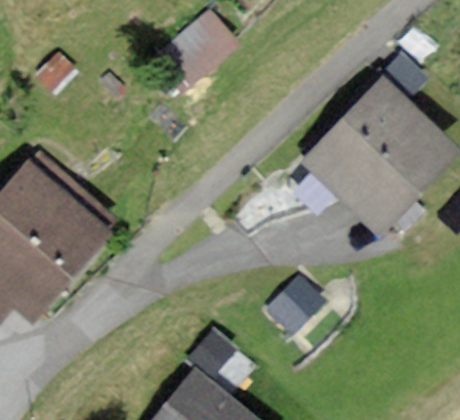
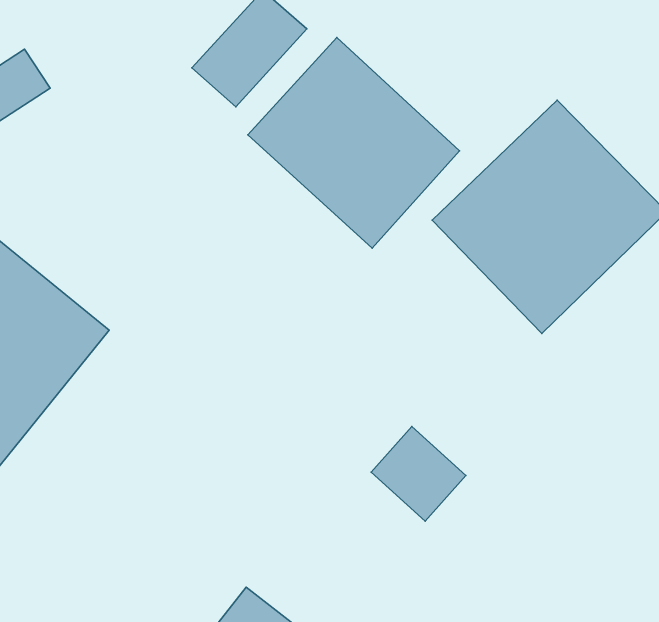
building: none -> [248,37,460,248]

